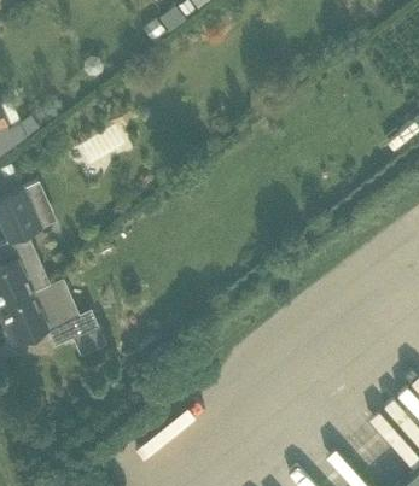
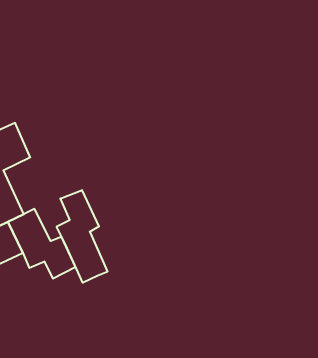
building: none -> [57,190,107,283]

